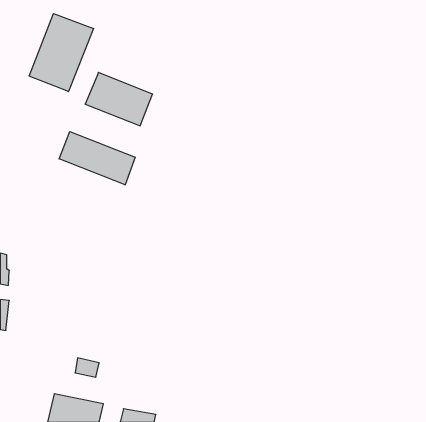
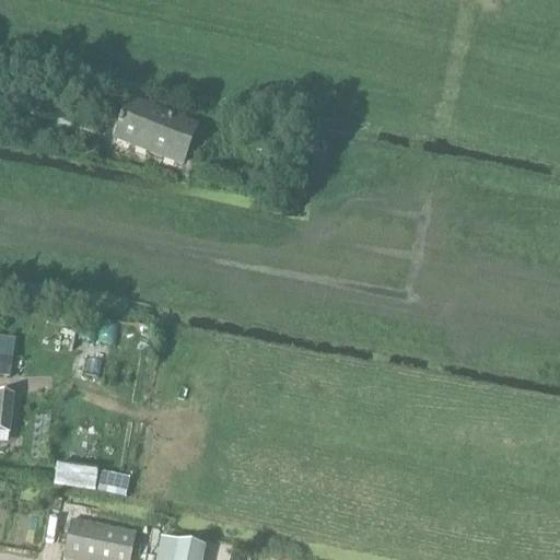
building: [29,14,94,92] -> none
building: [59,132,135,185] -> none
building: none -> [55,462,98,487]

